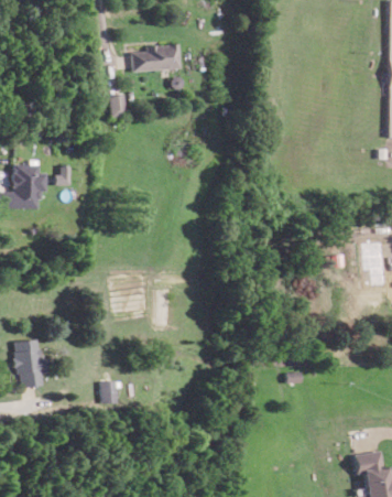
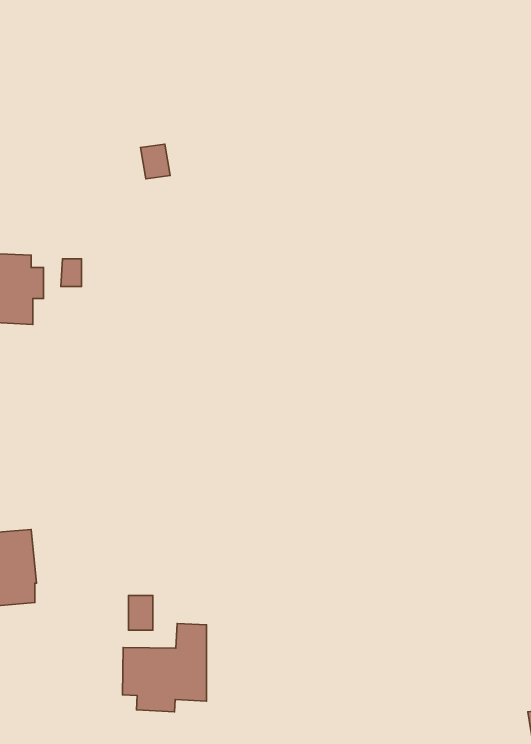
building: [132,44,181,72] -> none
building: none -> [123,623,207,712]

